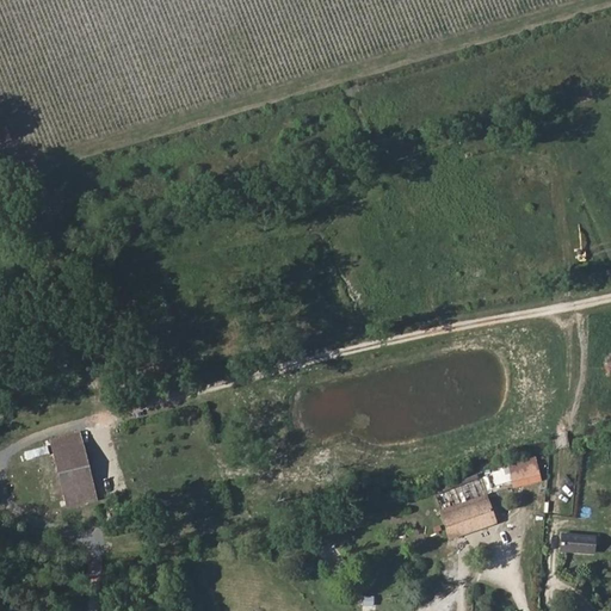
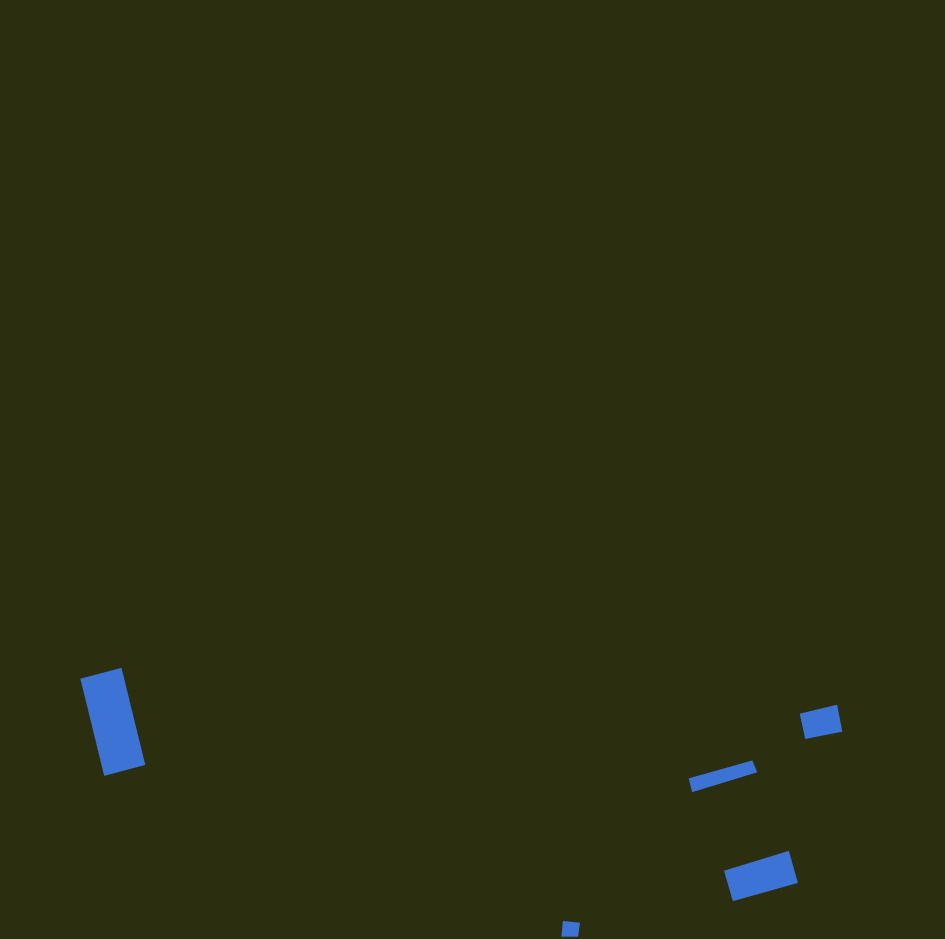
building: [446,502,495,536] -> [723,850,799,902]
building: [564,536,597,555] -> none

